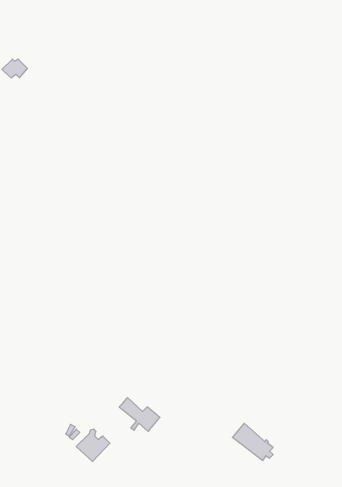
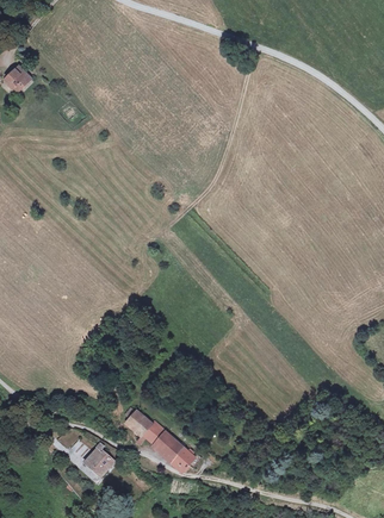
building: [232,423,273,460] -> [156,433,198,472]

